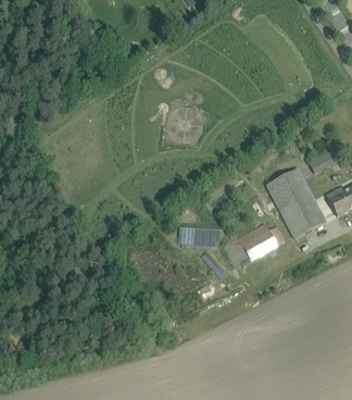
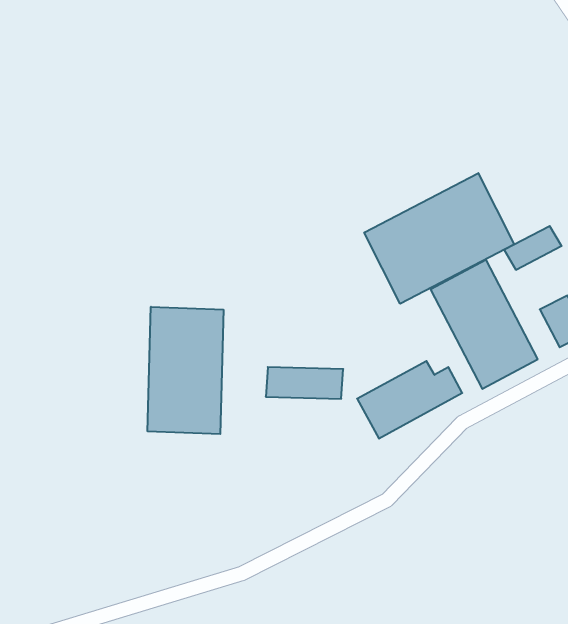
building: none -> [364,173,514,304]
building: none -> [148,307,223,434]

